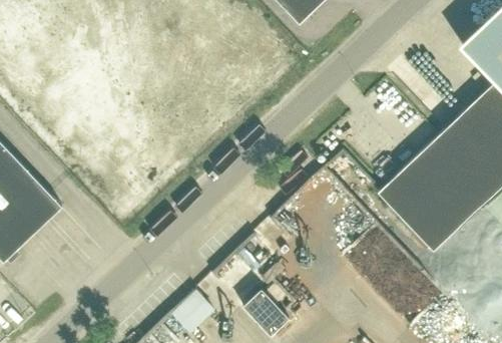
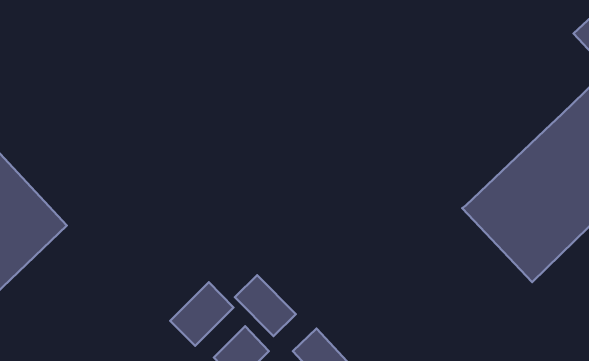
building: none -> [235,275,296,336]
building: none -> [170,282,234,346]

